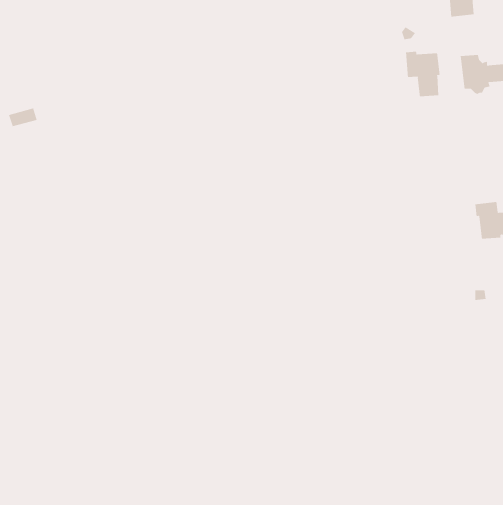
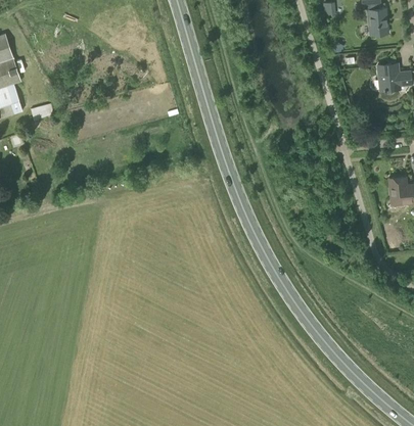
building: [406,51,440,97] -> none

